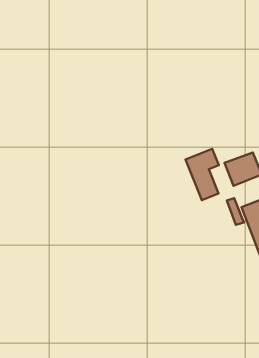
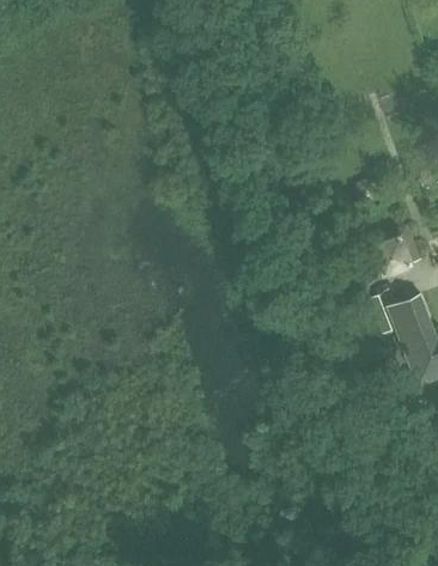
building: [185,149,219,200] -> none

